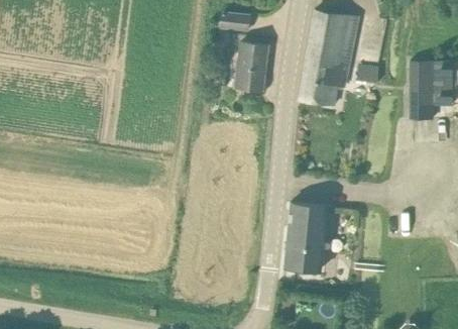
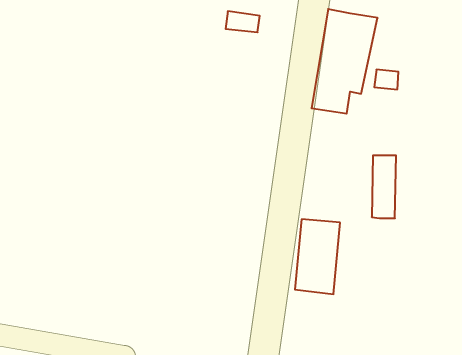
building: [238,42,268,91] -> none
building: [411,62,433,119] -> [372,155,396,218]

